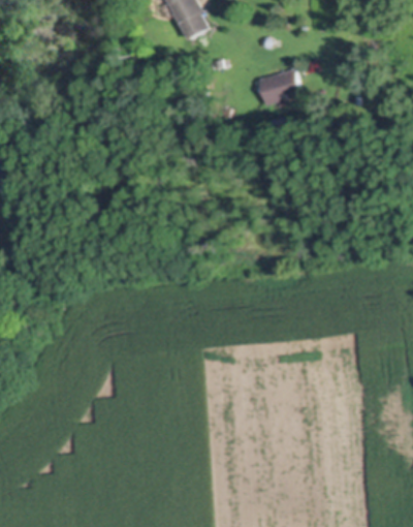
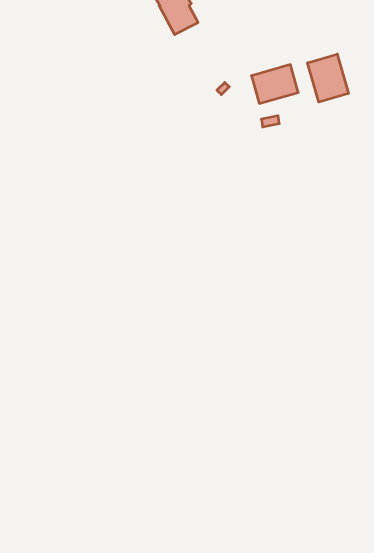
building: none -> [308,54,349,102]

